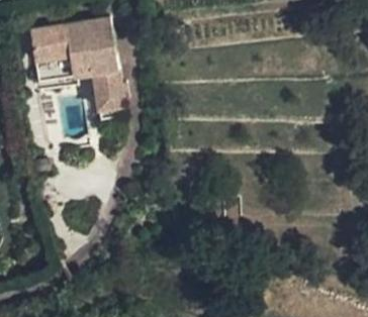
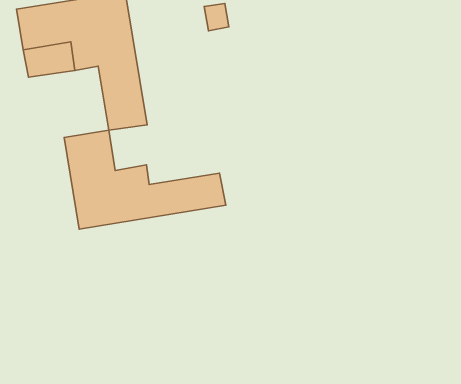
building: none -> [64,130,226,229]

